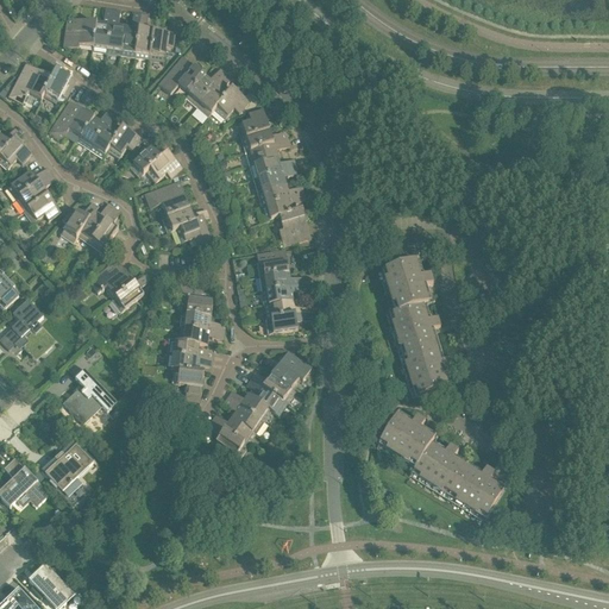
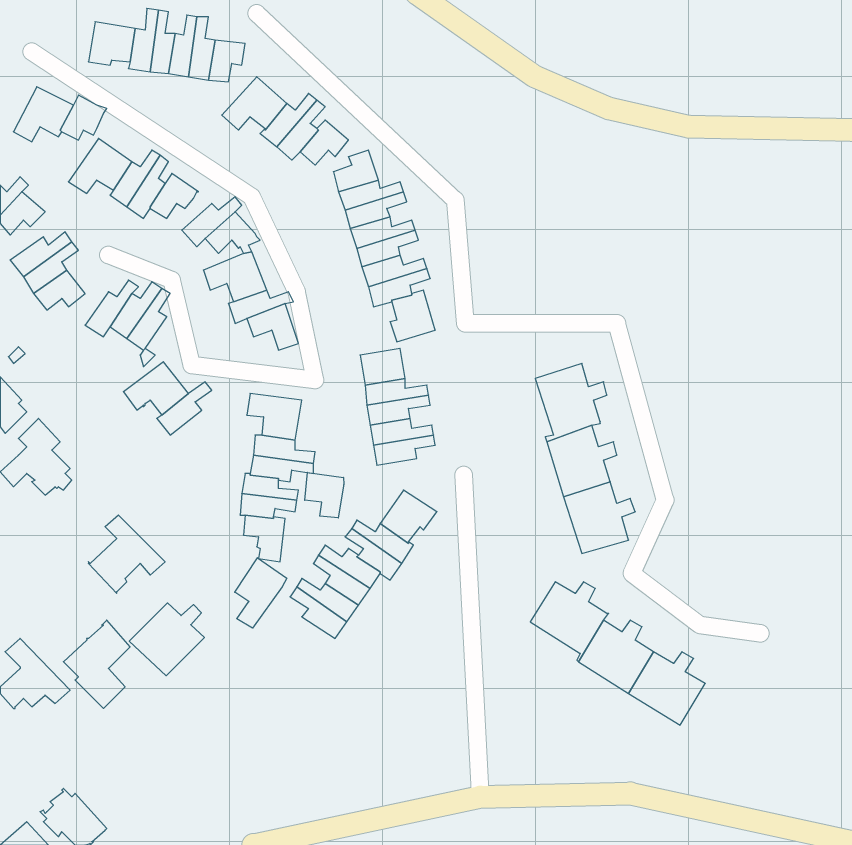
building: none -> [305,472,344,518]
building: none -> [235,558,287,628]
building: none -> [129,603,204,676]

